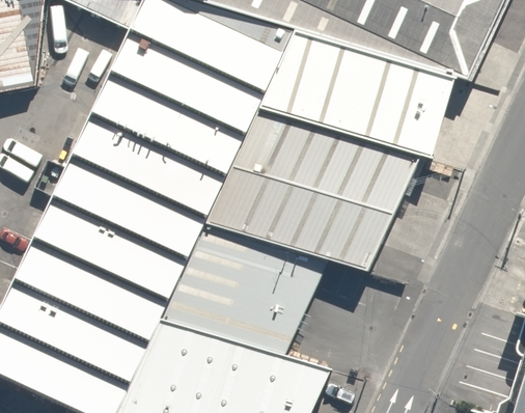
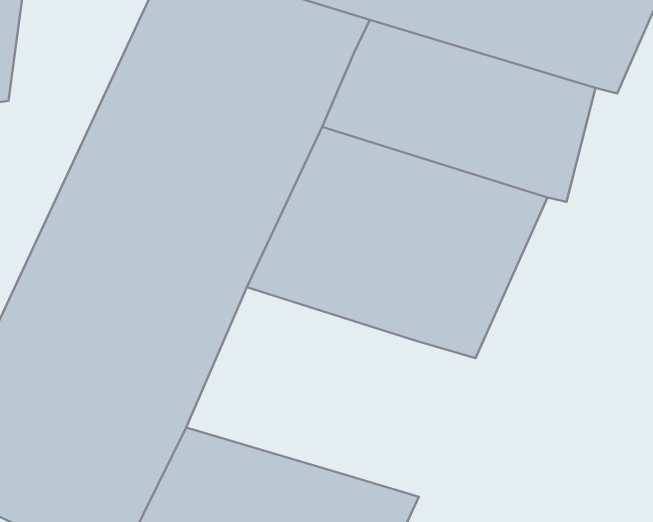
building: [162,221,327,358] -> none

